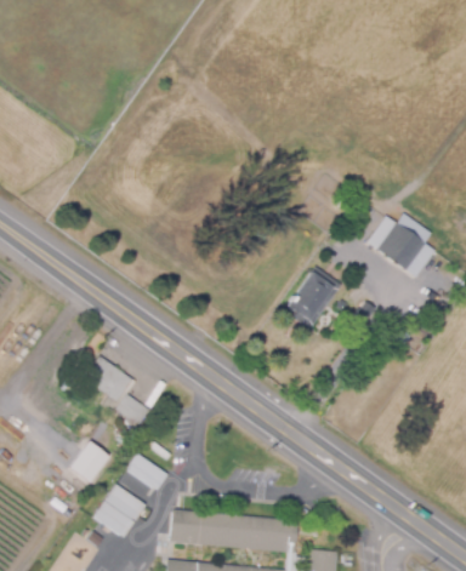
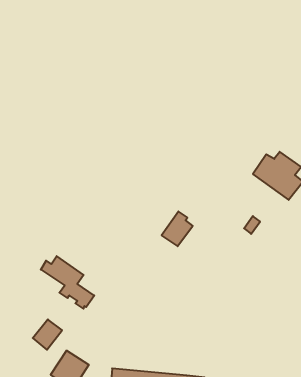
building: [291,273,334,320] -> [162,211,193,246]
building: [124,453,166,490] -> none

